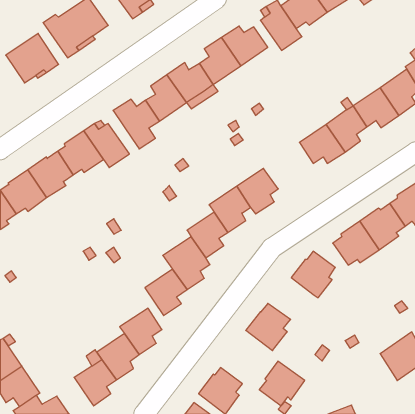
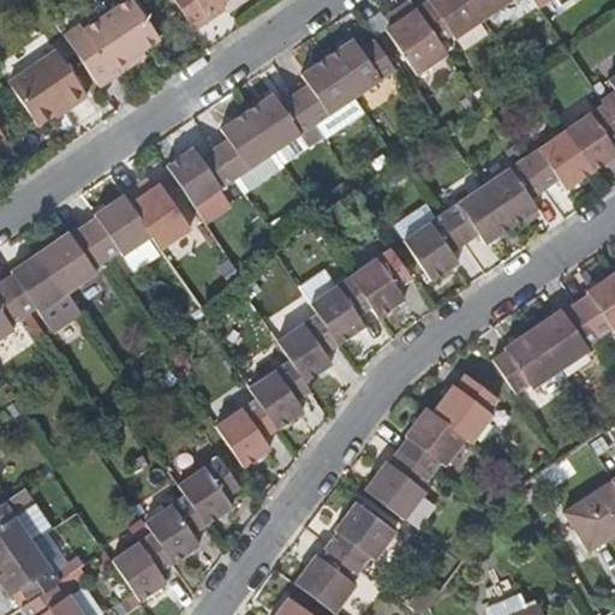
building: none -> [402,210,464,279]
building: none -> [396,406,465,472]
building: [259,361,305,406] -> [327,501,394,567]

